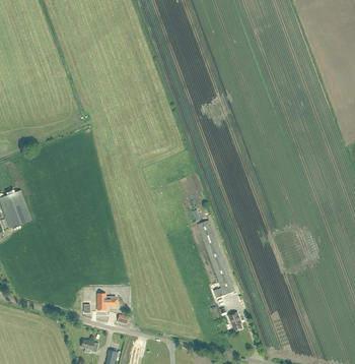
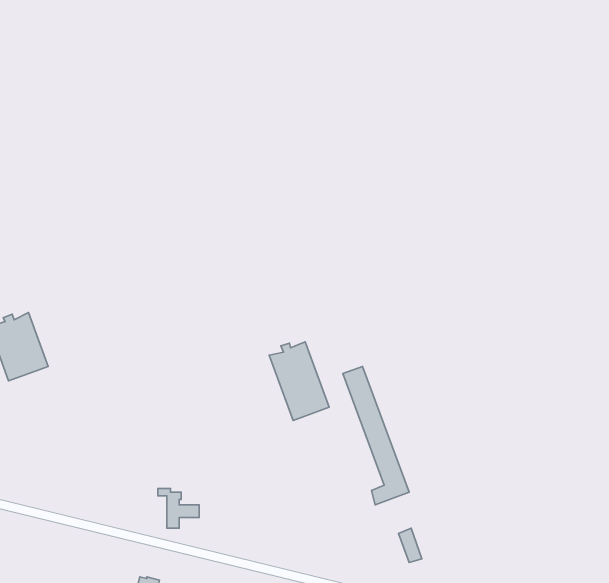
building: none -> [269,342,329,421]

